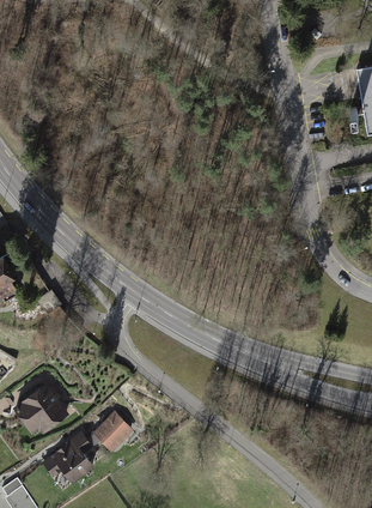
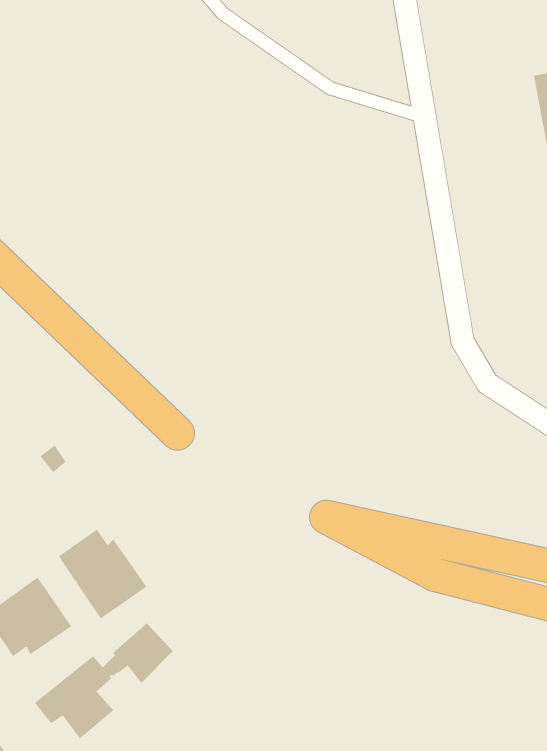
building: none -> [58,528,147,619]

